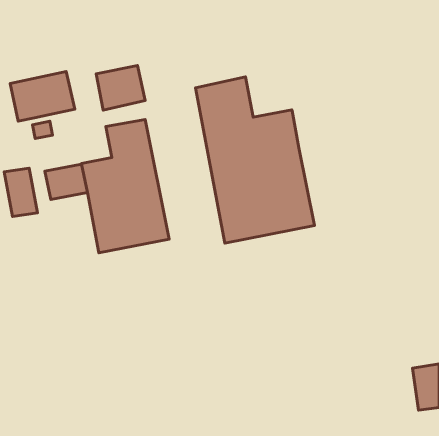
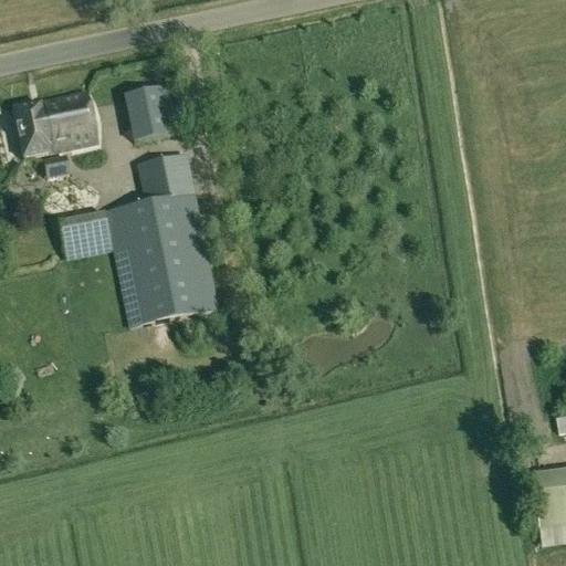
building: [195,77,315,243] -> none
building: [4,168,37,216] -> none

